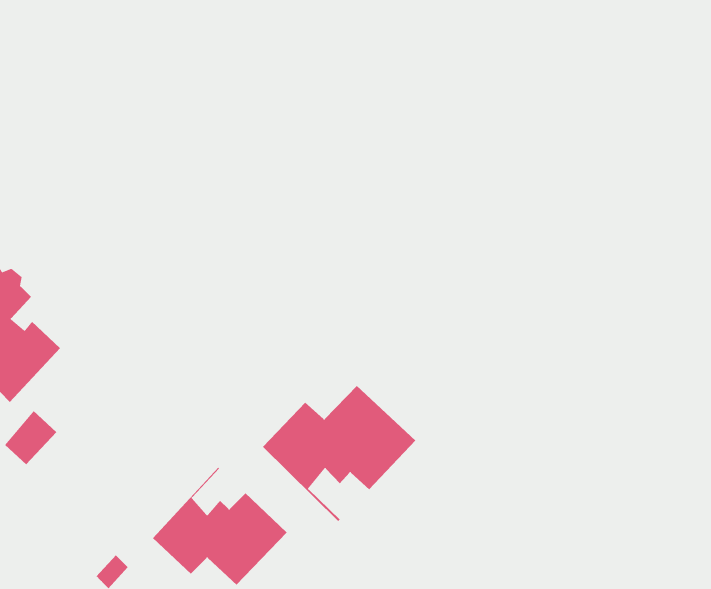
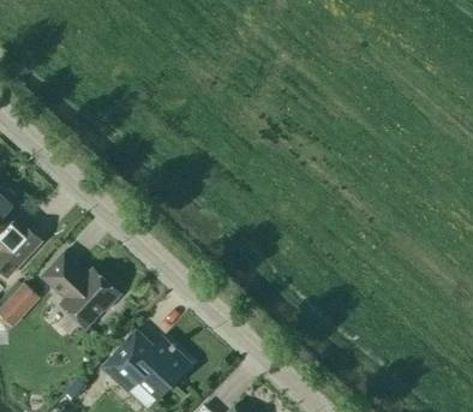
building: none -> [41,252,120,328]
building: [262,385,416,522] -> none

